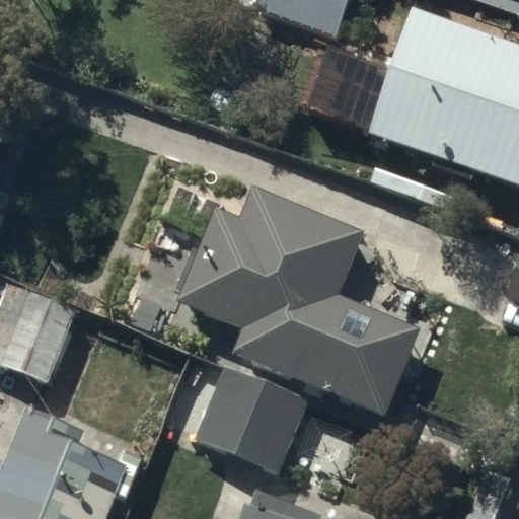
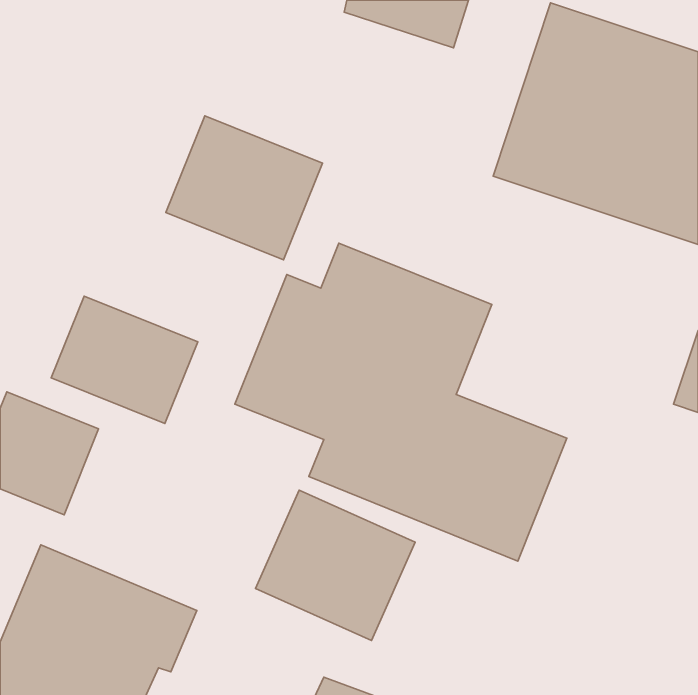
building: none -> [166,116,323,260]
building: none -> [51,296,198,423]

